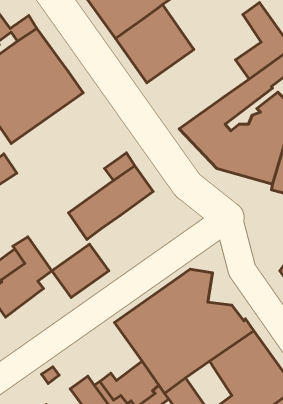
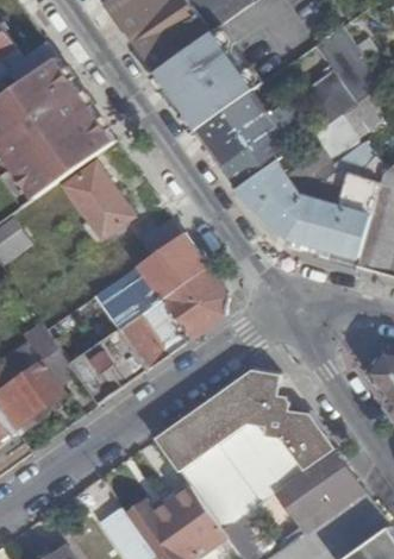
building: none -> [195,87,300,187]
building: none -> [63,163,130,237]
building: none -> [161,268,224,339]
building: none -> [118,315,165,370]

